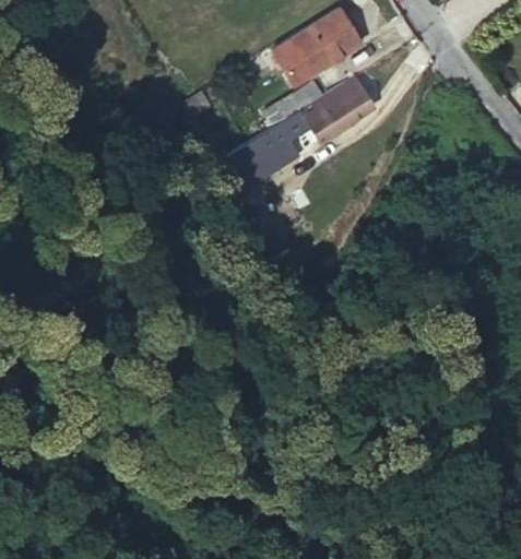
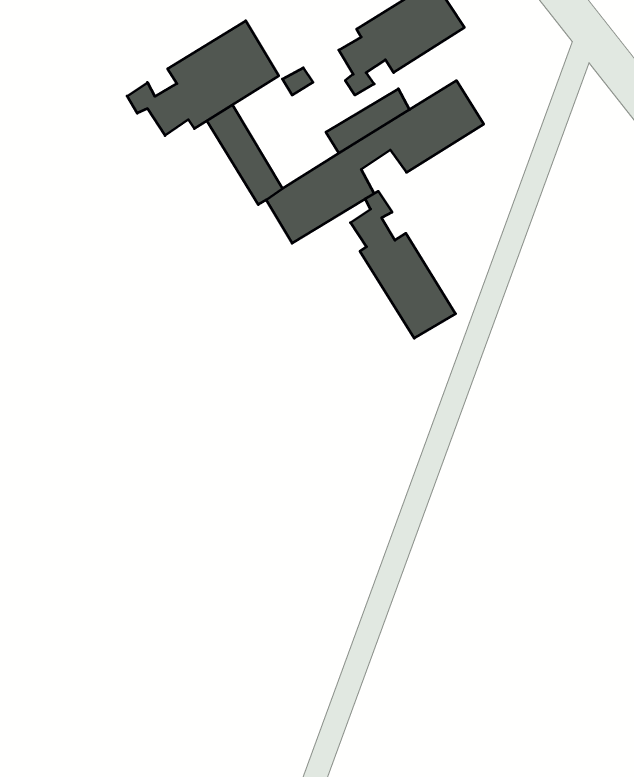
building: none -> [127,21,279,136]
building: none -> [350,191,456,338]

